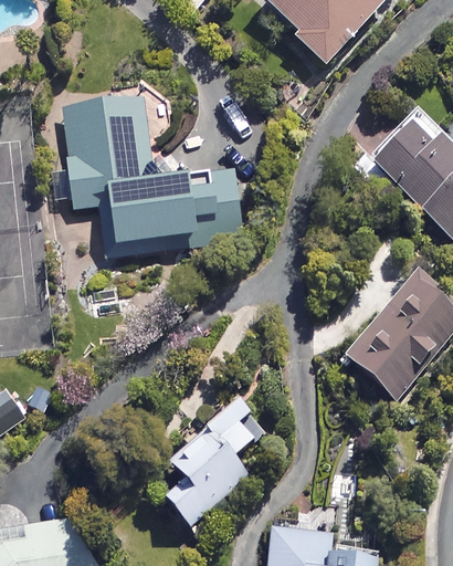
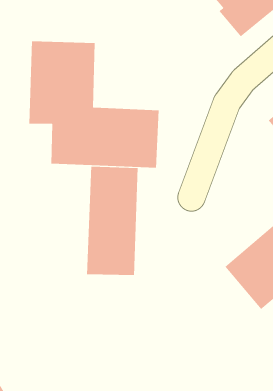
building: none -> [87,166,138,276]
building: [164,397,253,524] -> none

